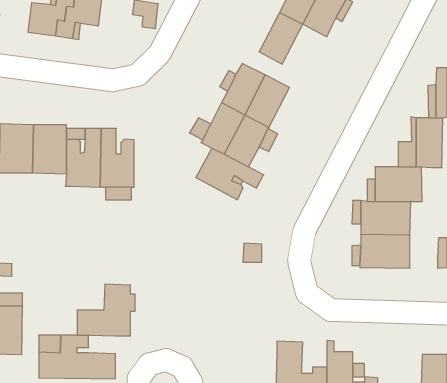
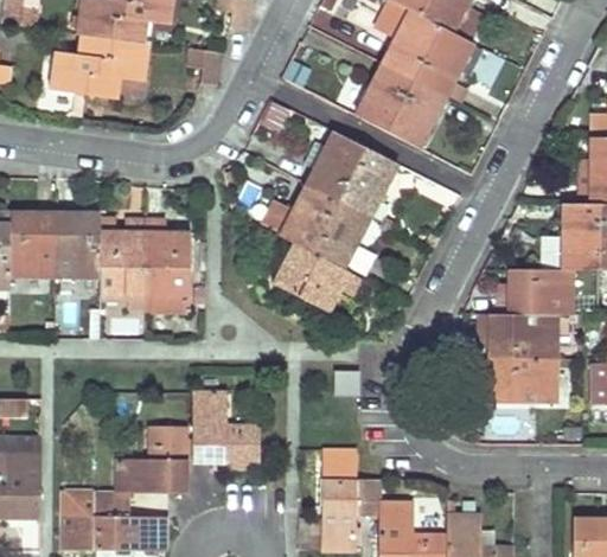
building: none -> [386,78,446,147]
building: none -> [191,392,260,468]
building: none -> [320,448,381,550]

